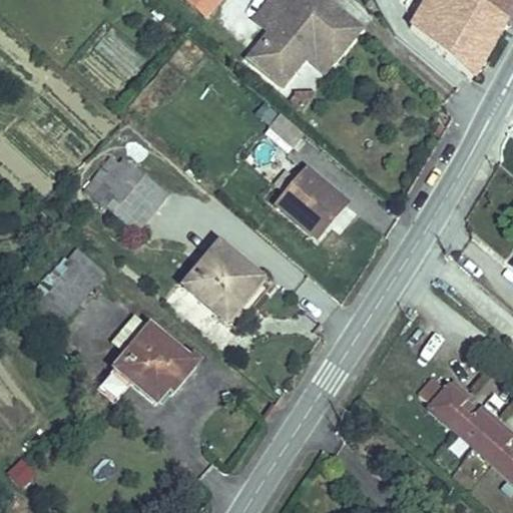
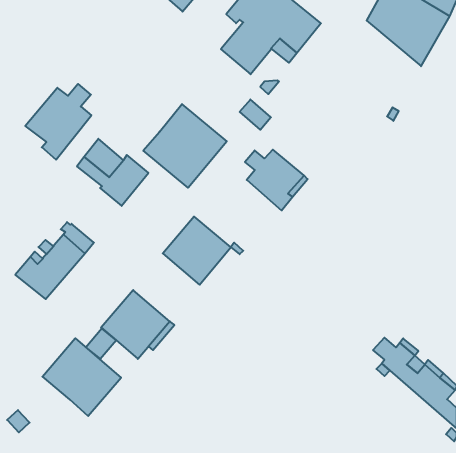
building: none -> [25,84,91,160]
building: none -> [143,104,227,188]
building: none -> [42,338,121,416]

